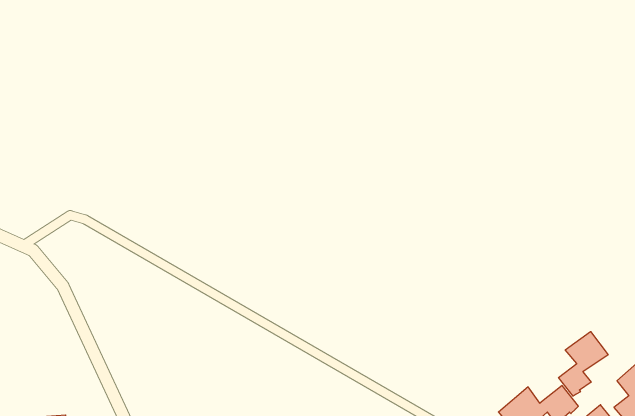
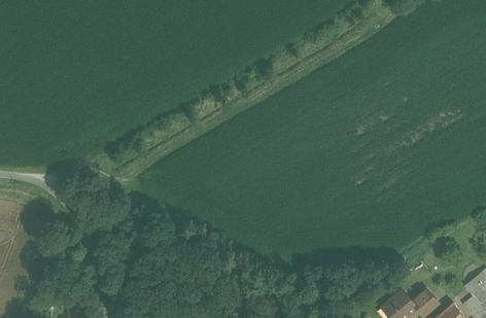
building: [559,332,608,396] -> none

